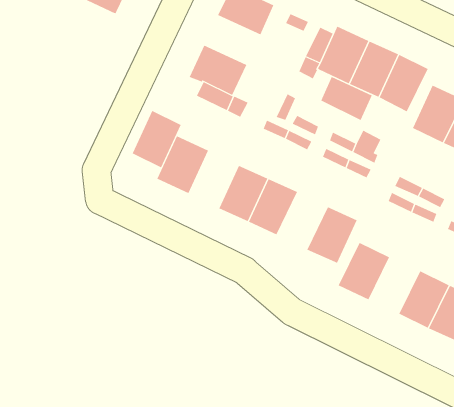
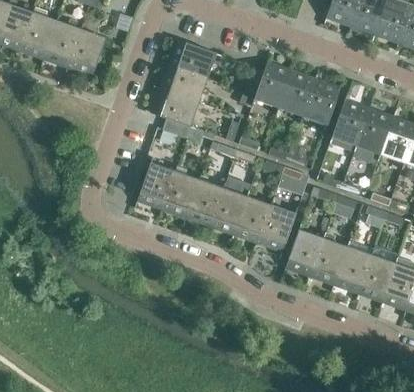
building: none -> [164,66,207,102]
building: [321,76,373,121] -> none
building: [132,110,181,168] -> [164,171,200,215]
building: none -> [235,196,272,240]
building: none -> [311,239,348,282]

